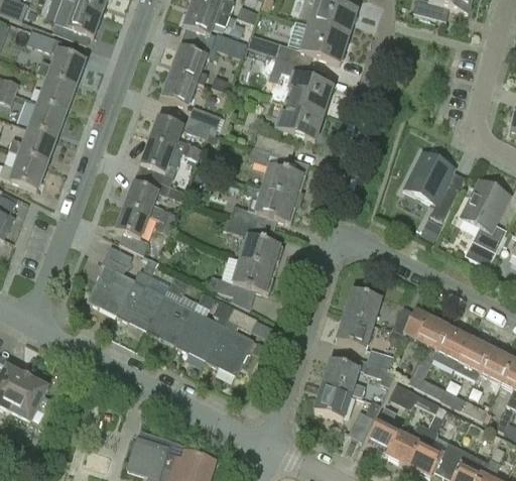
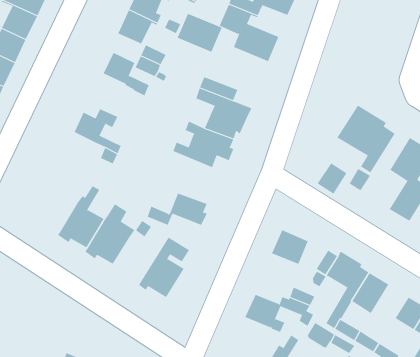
building: [276,101,324,140] -> [177,13,223,53]
building: [141,140,177,185] -> none
building: [116,205,150,255] -> none
building: none -> [317,163,347,194]
building: [226,216,283,268] -> none
building: [88,247,135,312] -> none
building: [176,299,234,356] -> none
building: [336,315,374,349] -> none
building: [455,337,492,379] -> none
building: [313,384,351,418] -> none

